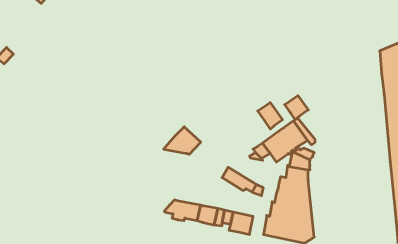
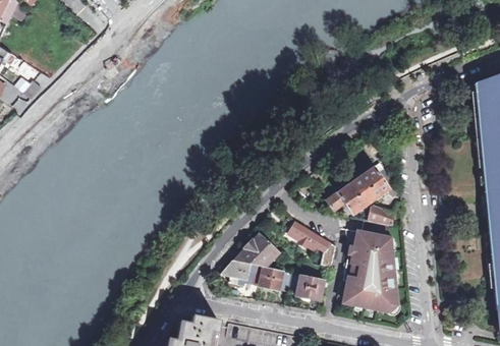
building: [285,96,308,120] -> none
building: [258,103,282,129] -> none
building: [164,127,201,154] -> [235,234,279,267]

